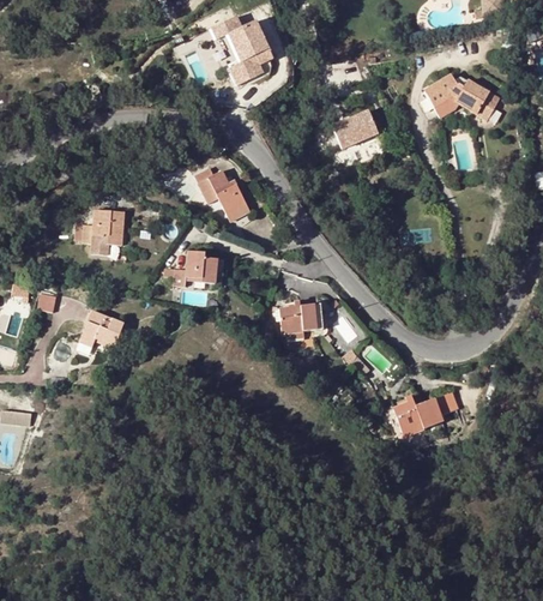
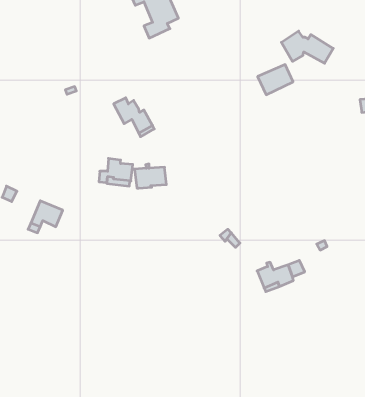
building: [327,113,376,155] -> [258,65,293,95]
building: [74,209,123,252] -> none
building: [278,298,322,331] -> [134,164,166,188]

